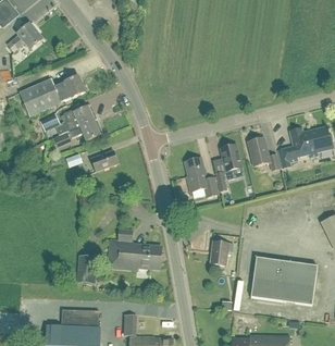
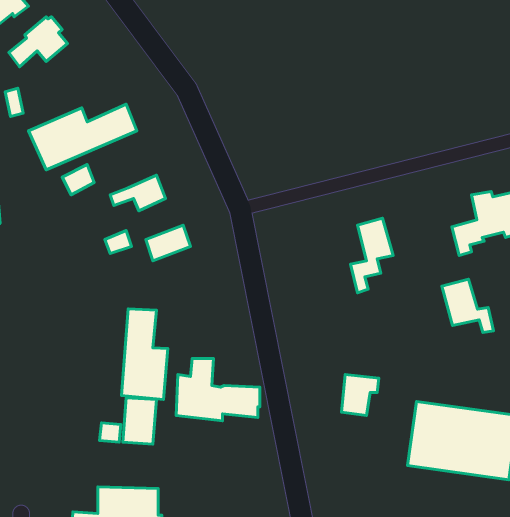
building: [63,104,97,131] -> none
building: [247,137,278,170] -> [442,279,493,332]
building: [184,157,218,197] -> none
building: none -> [121,309,168,400]

